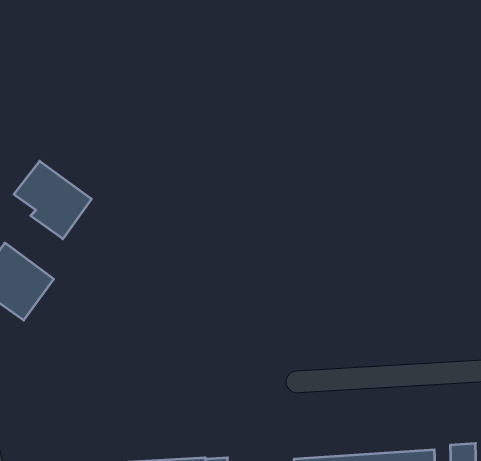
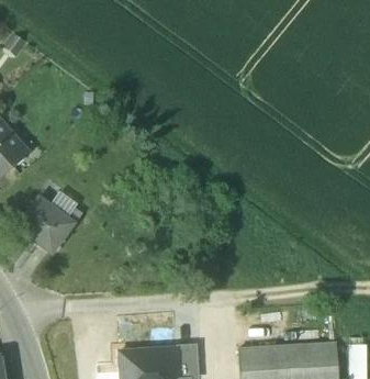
building: [14,161,91,239] -> none

